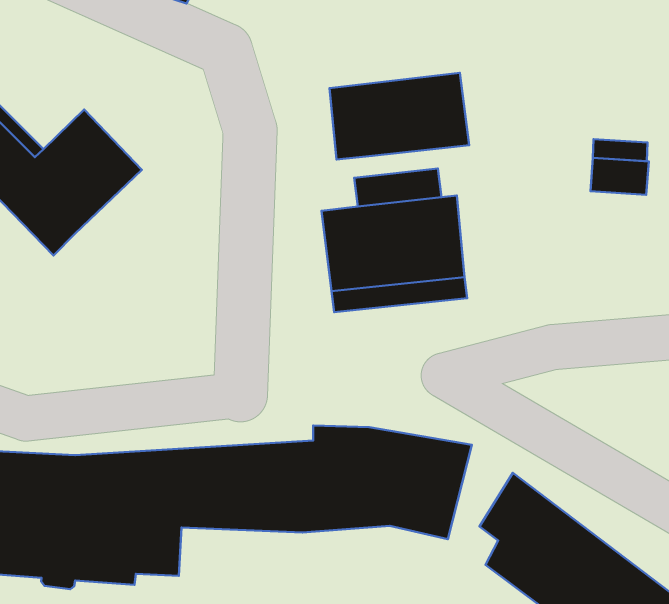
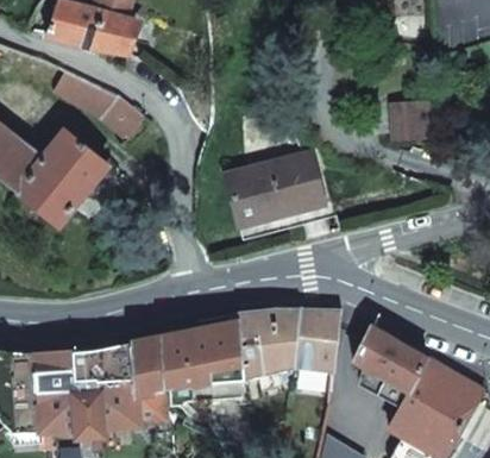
building: none -> [57,70,146,139]
building: [330,73,469,159] -> none

